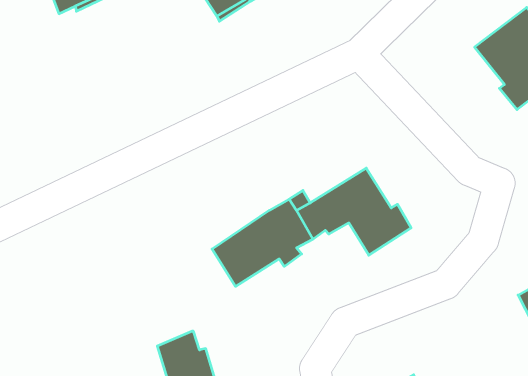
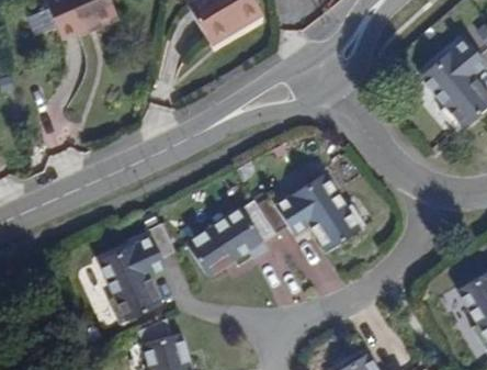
building: none -> [101,224,178,324]

